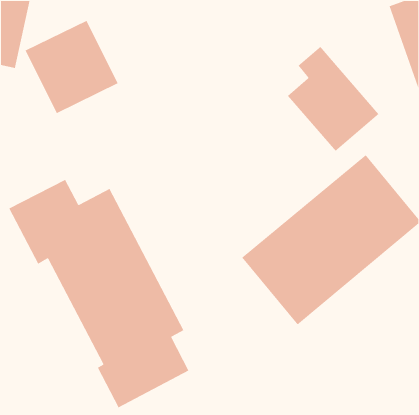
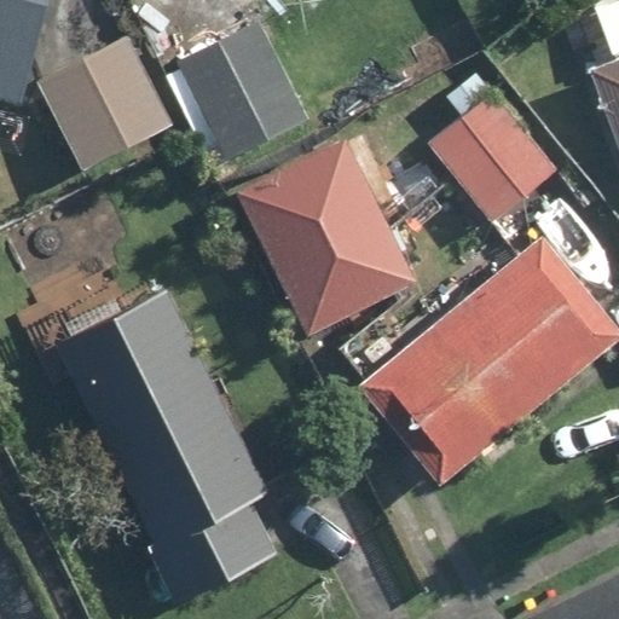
building: none -> [173,17,310,164]
building: none -> [236,134,417,334]

